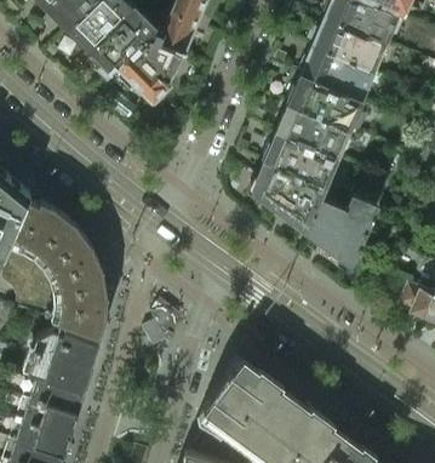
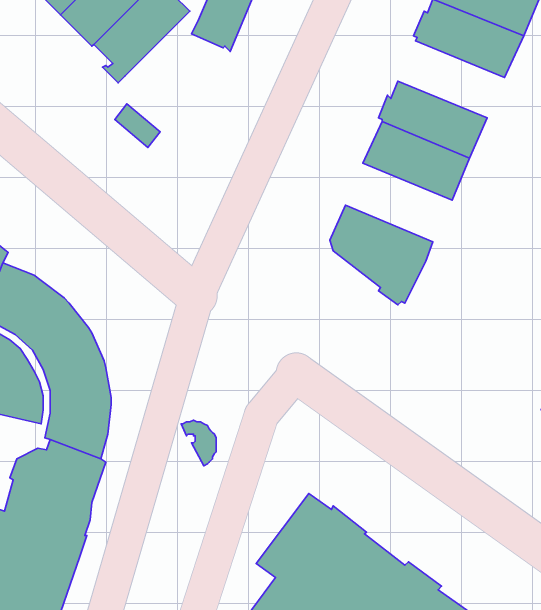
building: [113,27,181,103] -> none
building: [301,47,376,101] -> none
building: [263,132,339,187] -> none
building: [307,195,378,262] -> none

